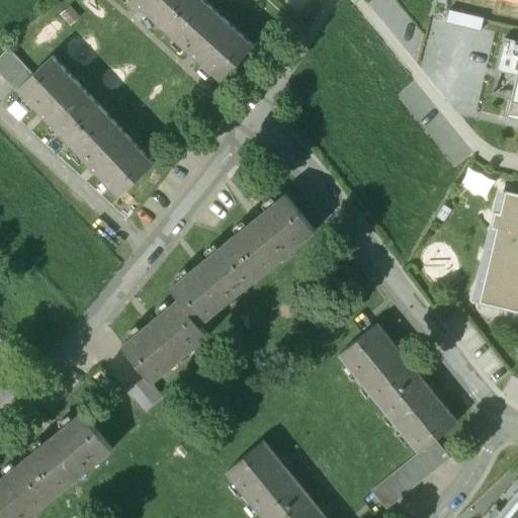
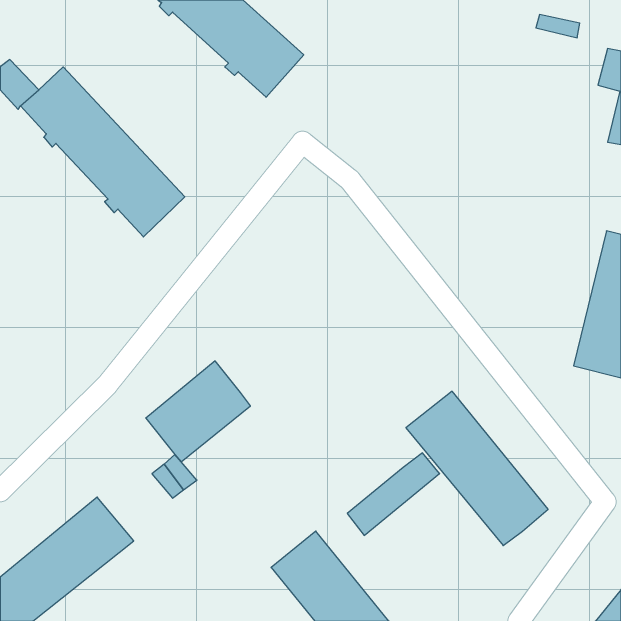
building: [170,196,315,327] -> none
building: [372,442,449,511] -> [347,453,440,535]

